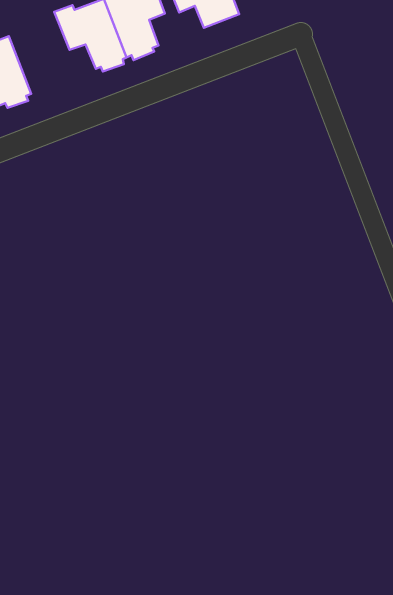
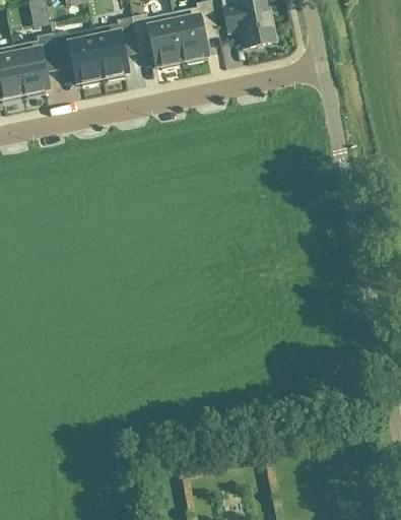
building: none -> [91,16,137,80]

